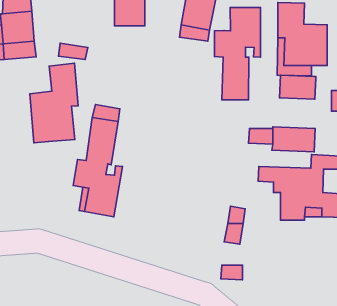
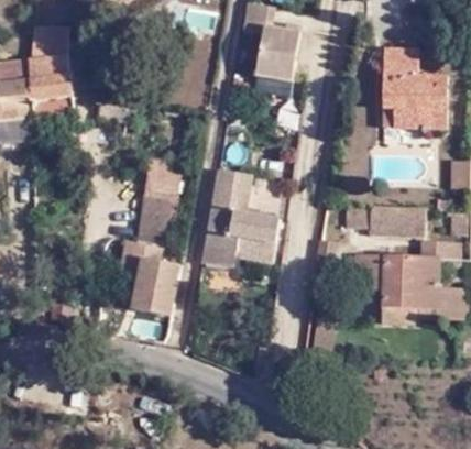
building: [214,7,260,100] -> none
building: [30,63,78,143] -> none
building: [279,75,316,99] -> none
building: none -> [201,166,281,267]

